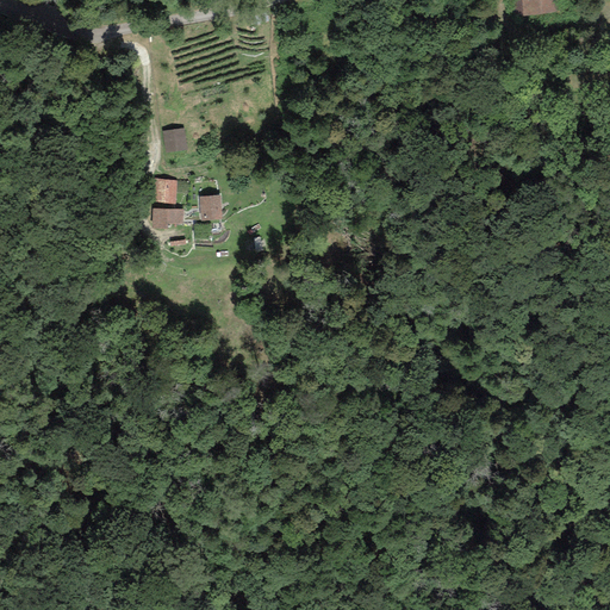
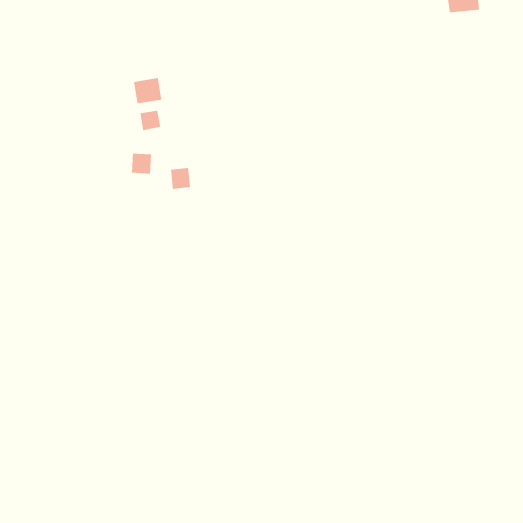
building: none -> [133,77,162,104]
building: [152,207,183,228] -> none

